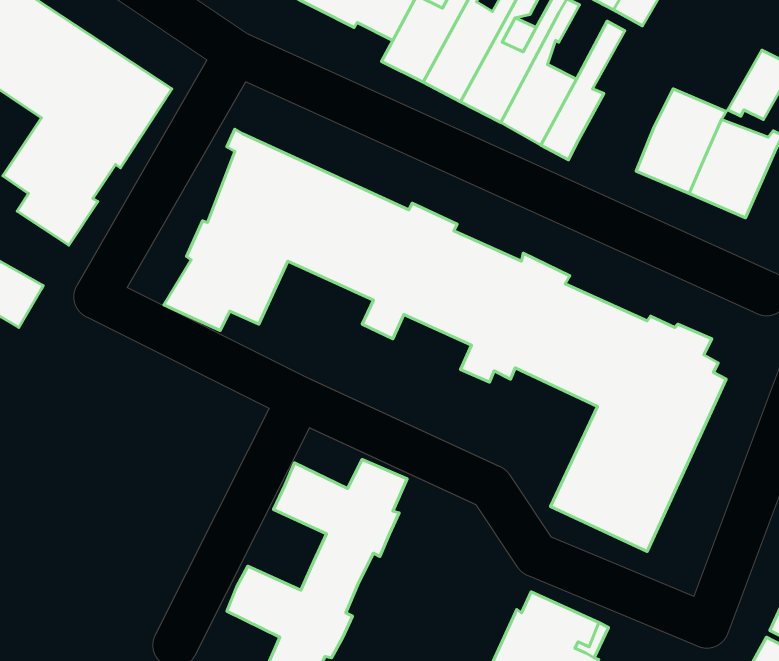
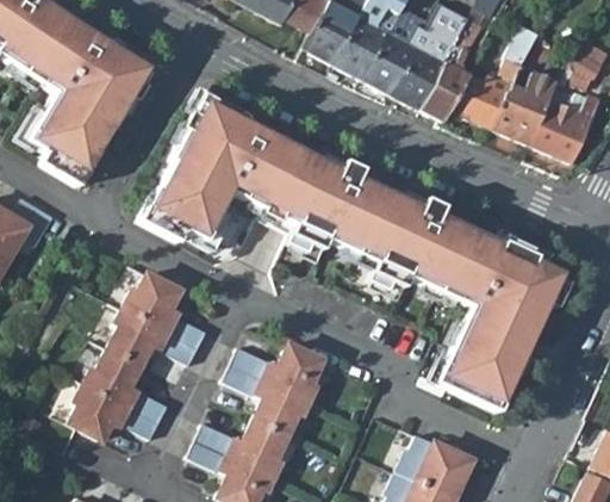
building: none -> [450,26,541,129]
building: none -> [68,277,208,442]

